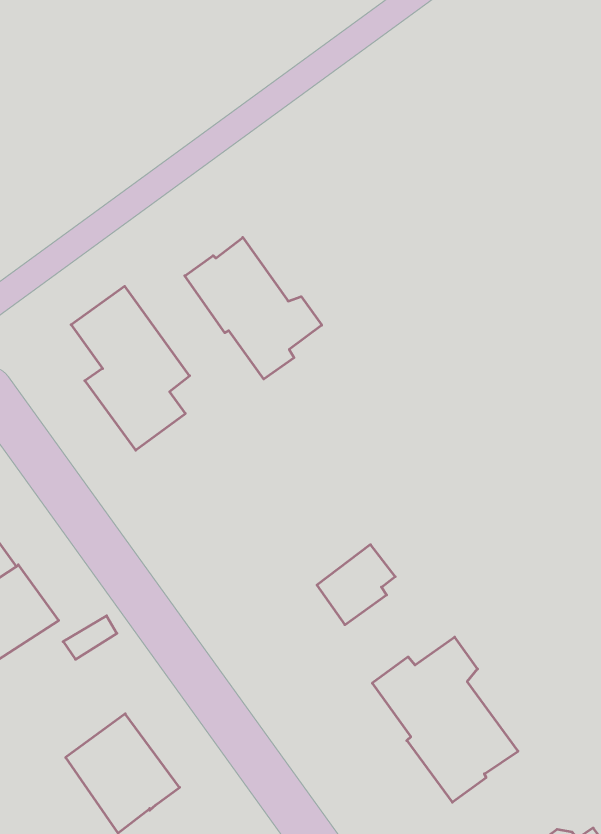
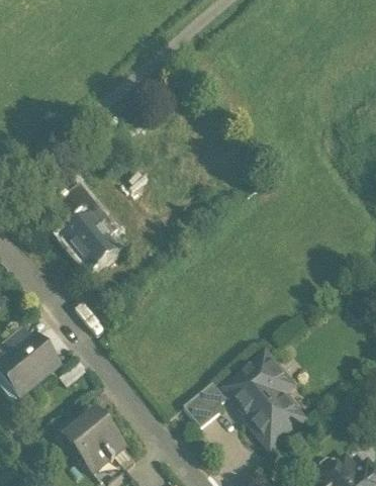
building: [185,237,322,379] -> none
building: [317,545,395,625] -> [184,381,225,424]

